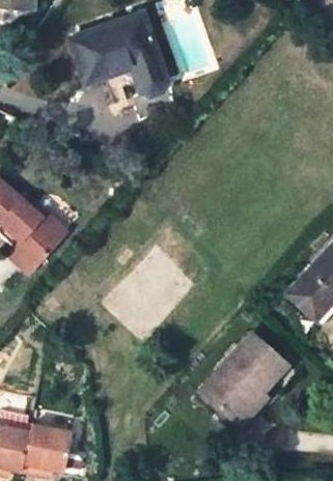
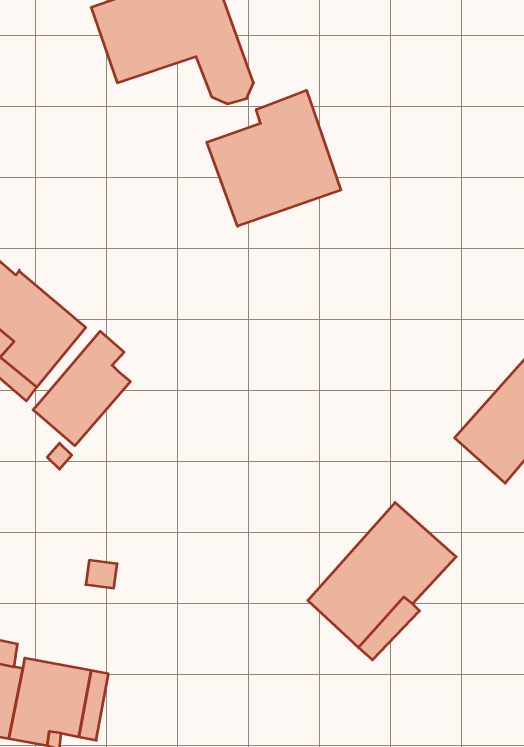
building: none -> [207,90,341,226]
building: none -> [33,331,130,446]

